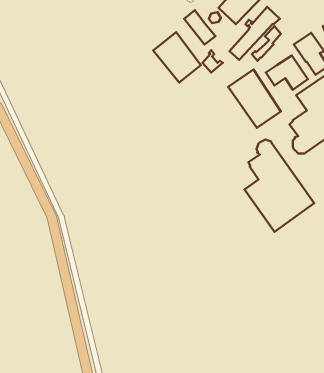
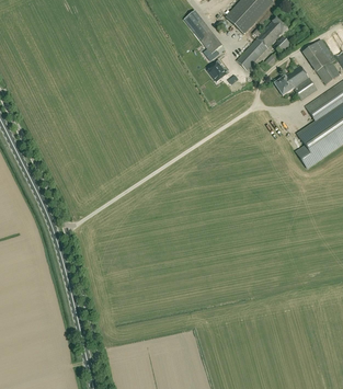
building: [153,32,201,83] -> none
building: [228,69,281,128] -> none
building: [244,140,314,232] -> none

